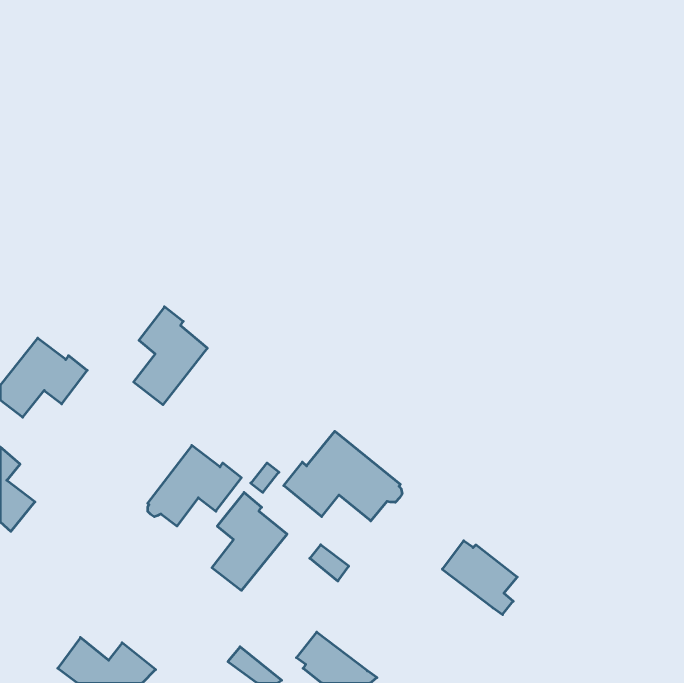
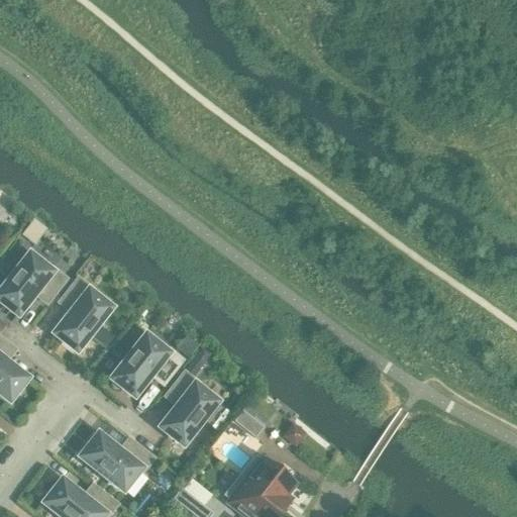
building: [134,307,207,405] -> [55,277,110,350]
building: [284,431,402,521] -> none
building: [442,541,517,615] -> [239,454,296,510]
building: none -> [81,434,154,490]

